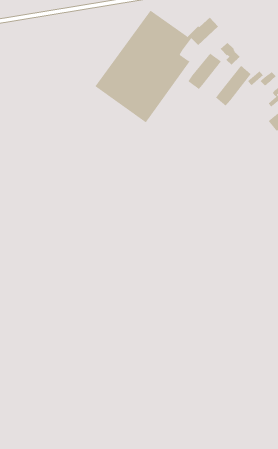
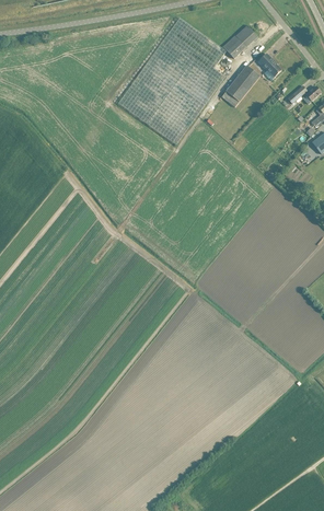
building: [215,65,251,106] -> none

